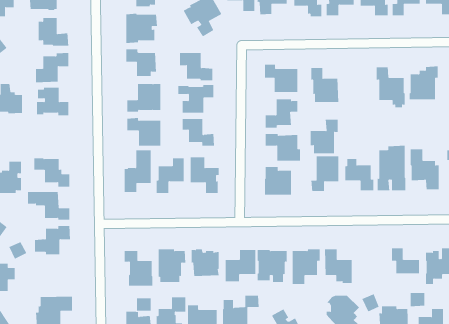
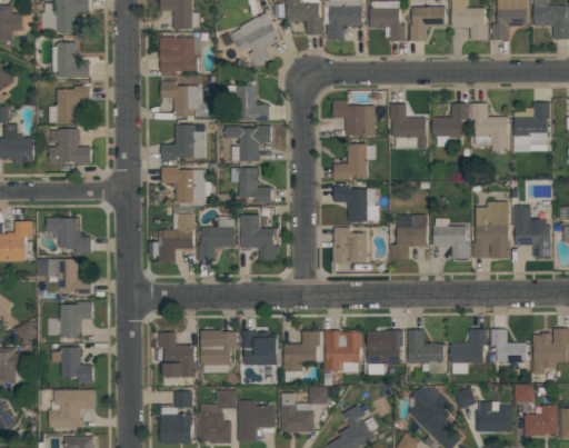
building: [310,119,338,154] -> [431,103,467,147]
building: none -> [450,329,486,374]
building: none -> [51,347,92,382]

